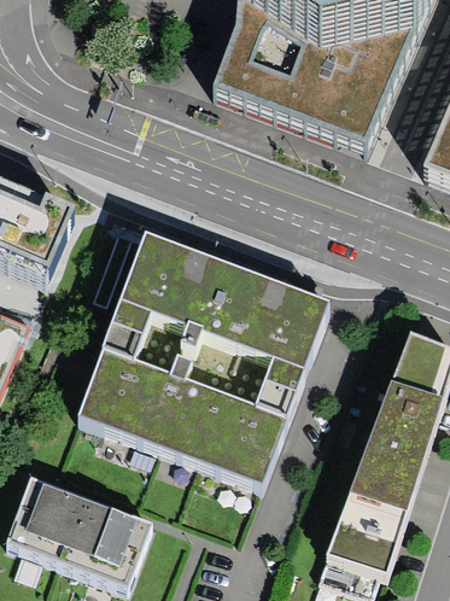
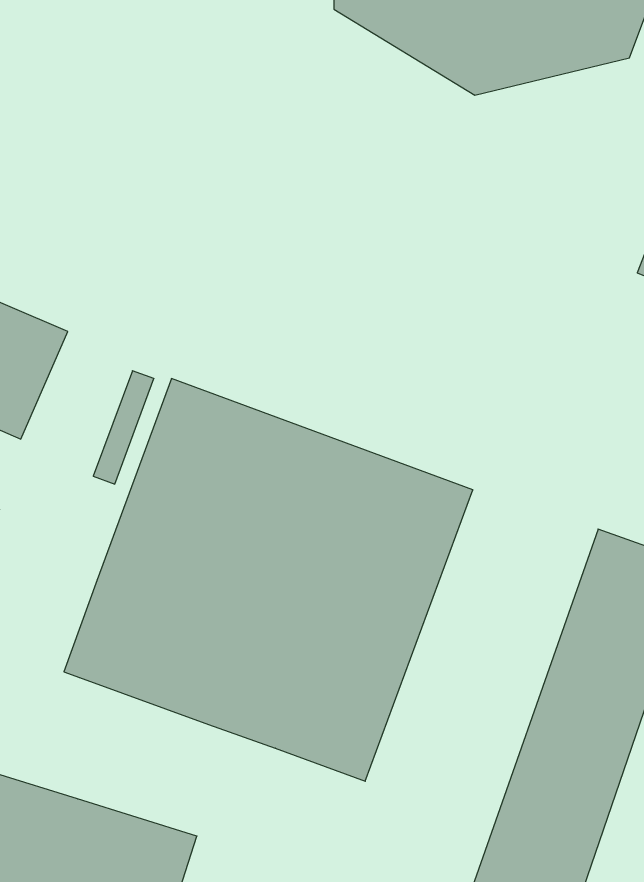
building: [215,6,421,152] -> none

